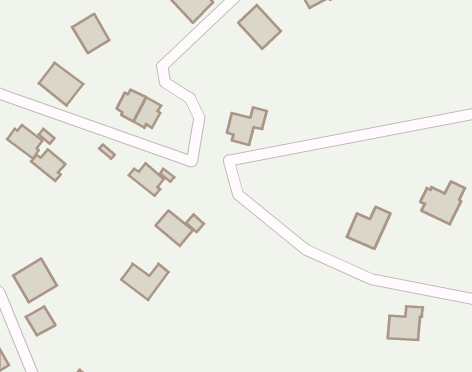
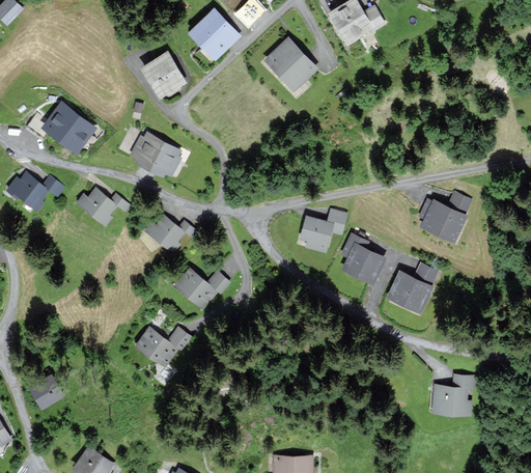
building: [72,14,109,53] -> [142,53,184,96]
building: [227,107,267,145] -> [301,211,345,252]
building: [31,149,65,181] -> [77,189,115,224]
building: none -> [342,234,384,282]
building: [420,182,465,224] -> [420,194,470,242]
building: [13,259,57,302] -> none

